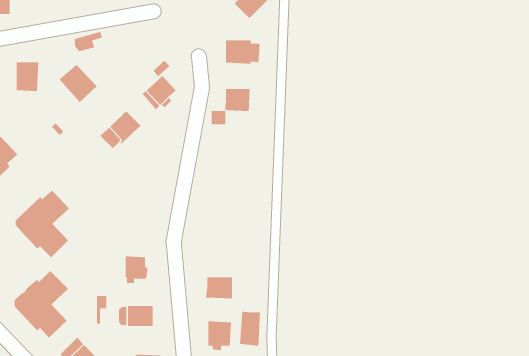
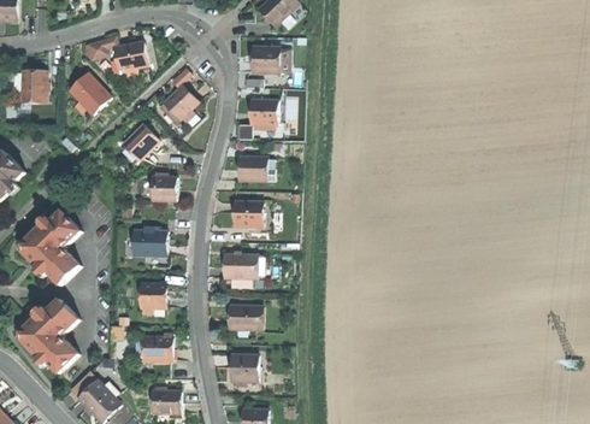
building: none -> [110,42,148,75]
building: none -> [238,155,264,179]
building: none -> [151,176,176,200]
building: none -> [235,200,262,225]
building: none -> [132,229,166,255]
building: none -> [224,253,264,277]
building: [239,311,260,347] -> none

